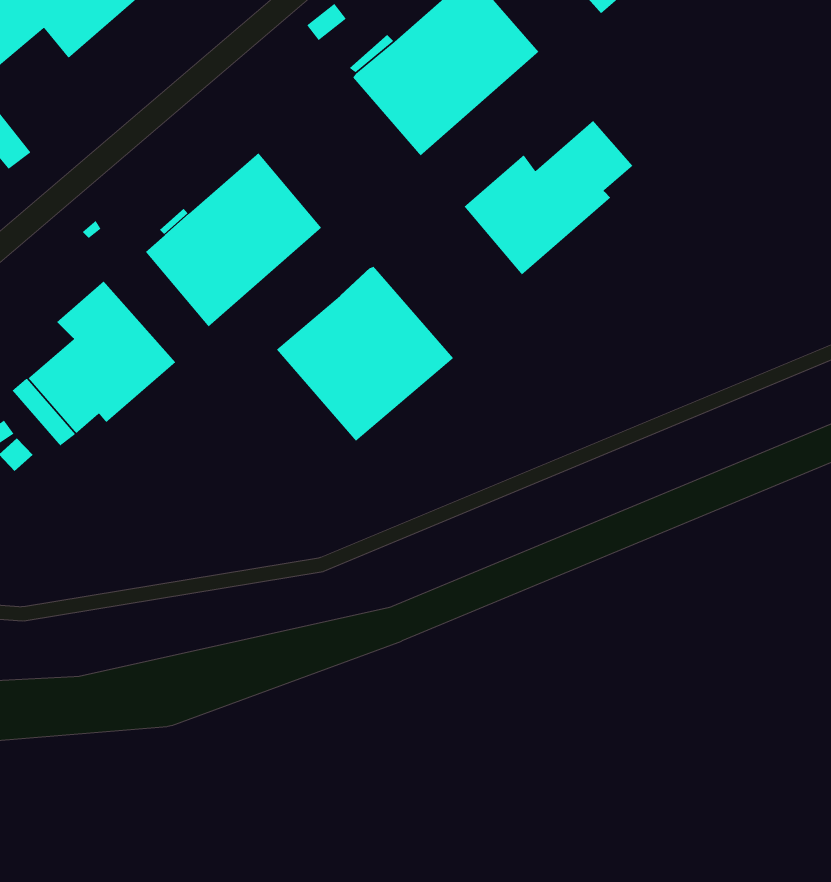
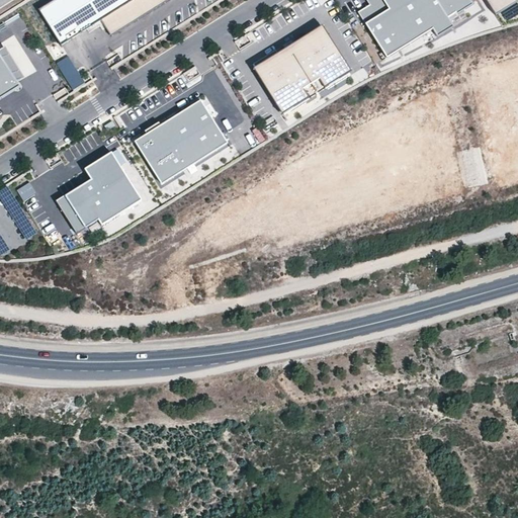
building: [463,120,633,275] -> none
building: [276,266,454,442] -> none

